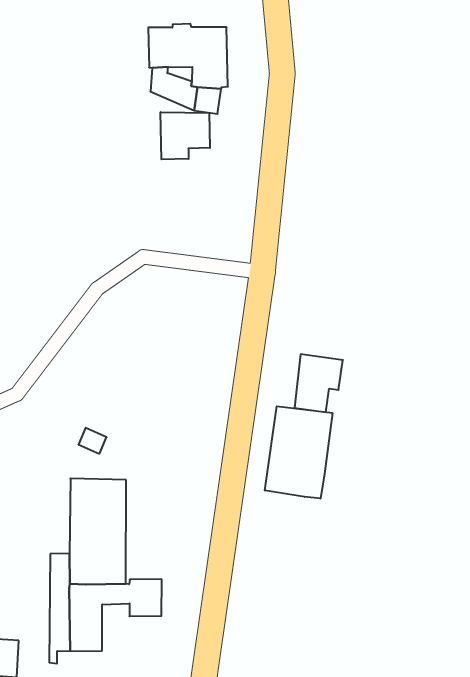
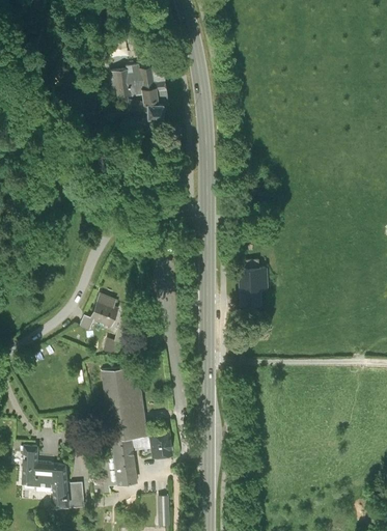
building: [161,112,210,159] -> none
building: none -> [80,294,119,331]
building: [265,406,332,499] -> none

